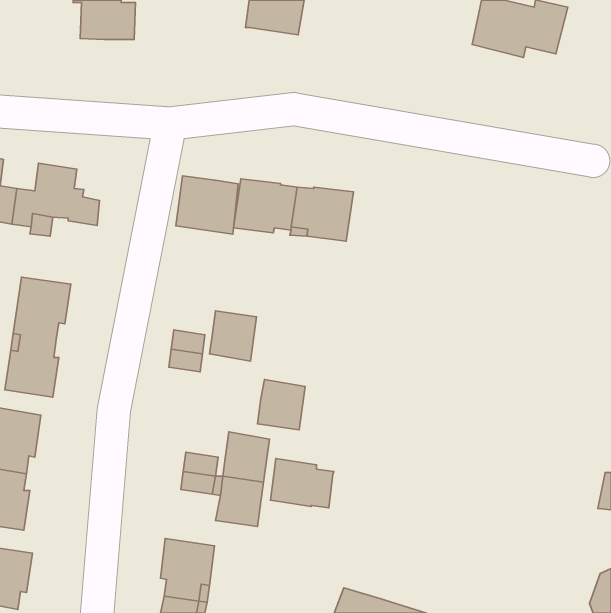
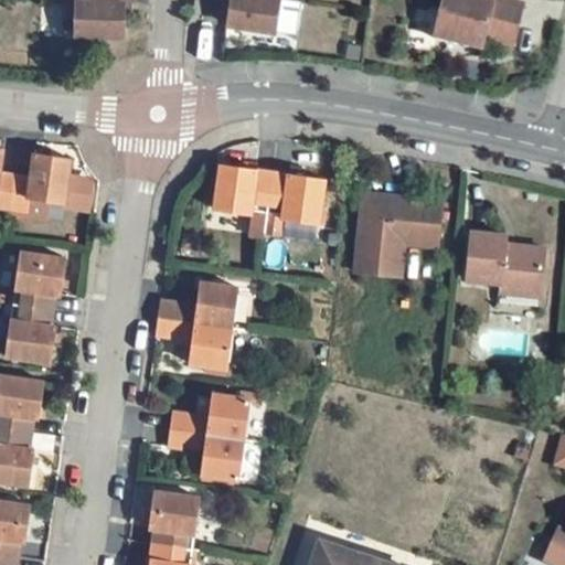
building: [176,176,238,234] -> none
building: none -> [353,193,441,277]
building: none -> [466,233,544,296]
building: [257,379,305,430] -> [186,326,231,372]
building: [271,459,334,508] -> none

